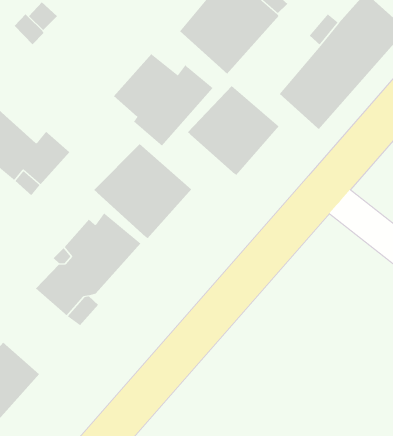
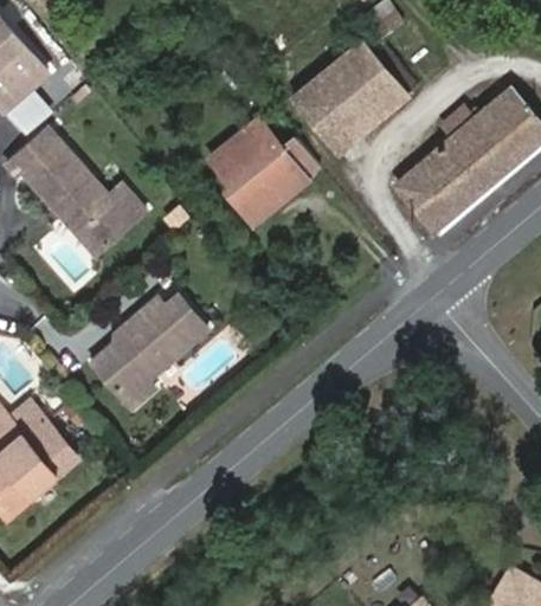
building: [187,85,280,176] -> none
building: [93,143,192,239] -> none

